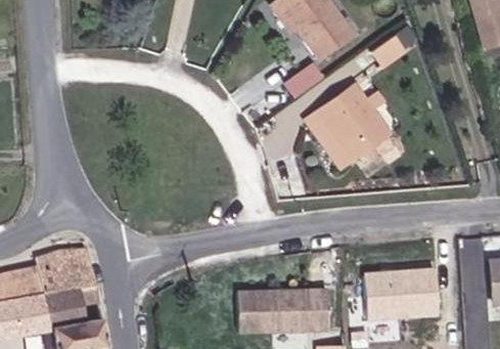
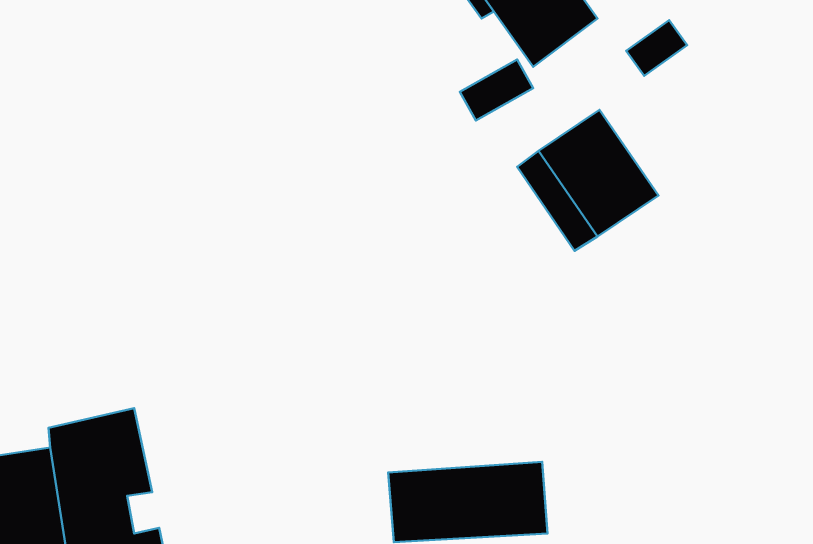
building: [362,266,437,320] -> none

